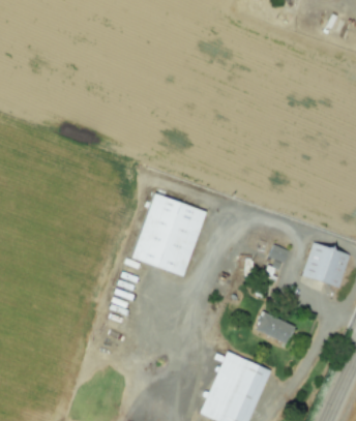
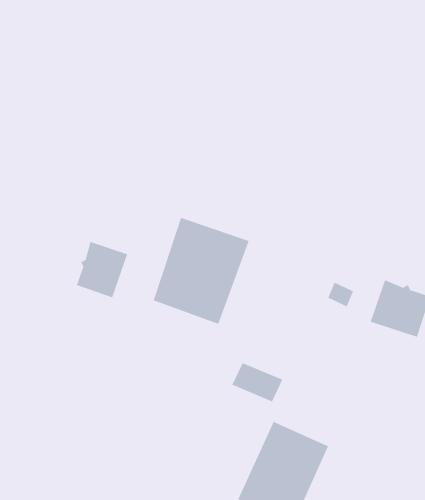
building: none -> [76,241,128,298]
building: [255,311,295,342] -> [232,362,283,402]

